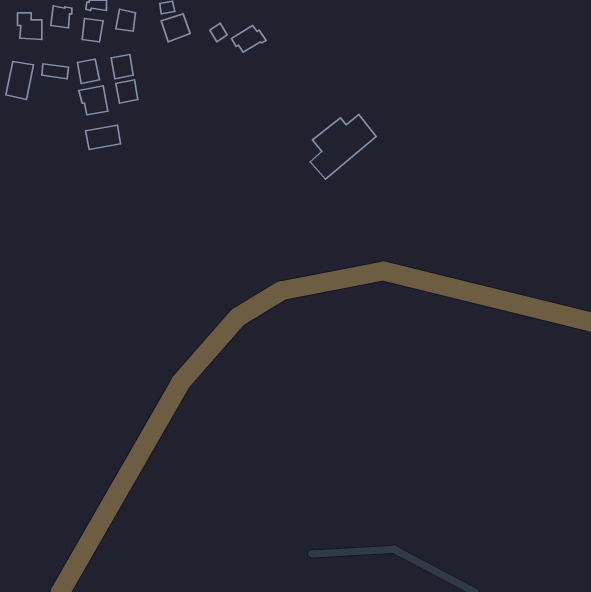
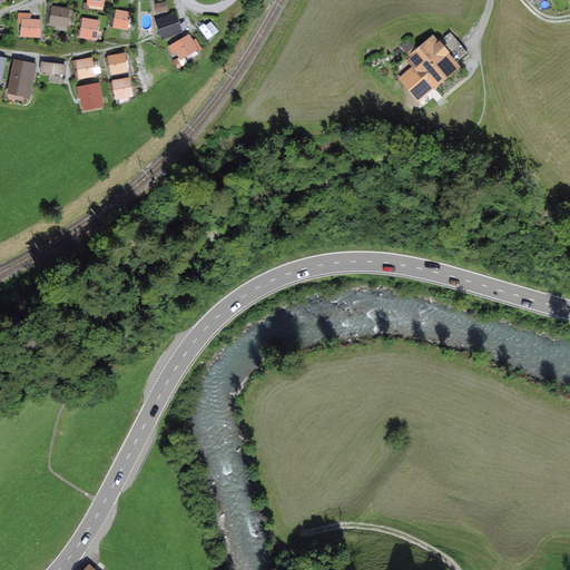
building: [232,26,266,52] -> [168,35,202,60]
building: [310,114,376,179] -> [403,33,466,96]
building: [85,125,120,150] -> none

